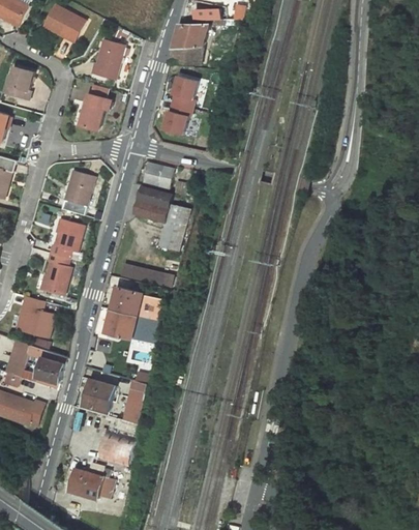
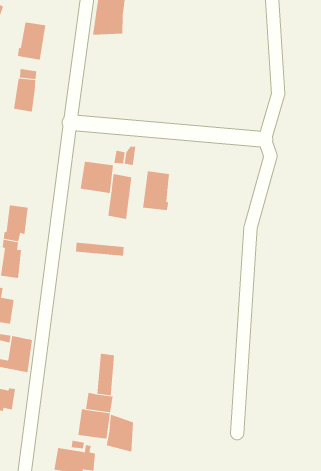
building: [163,72,200,134] -> none
building: [144,163,174,189] -> none
building: [64,170,95,205] -> none
building: none -> [143,171,170,211]
building: [107,287,167,345] -> none
building: [83,379,115,413] -> none
building: none -> [106,414,134,452]

